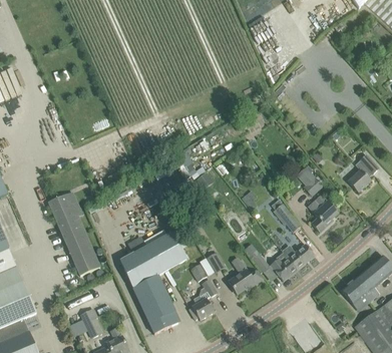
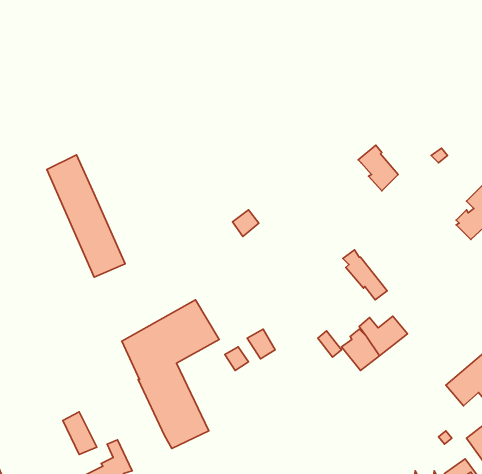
building: [296,164,323,196] -> [358,145,398,191]
building: [48,192,101,275] -> [47,155,125,277]
building: [307,195,337,232] -> none
building: [228,262,262,293] -> none
building: [188,278,218,319] -> none

